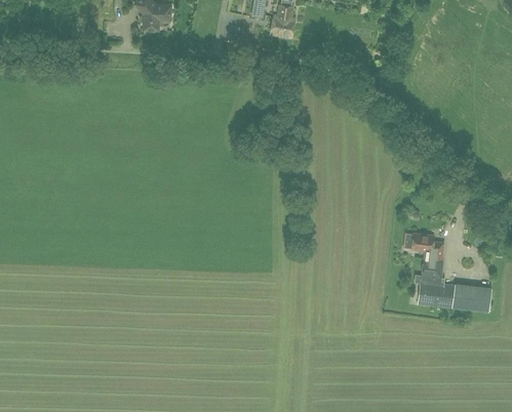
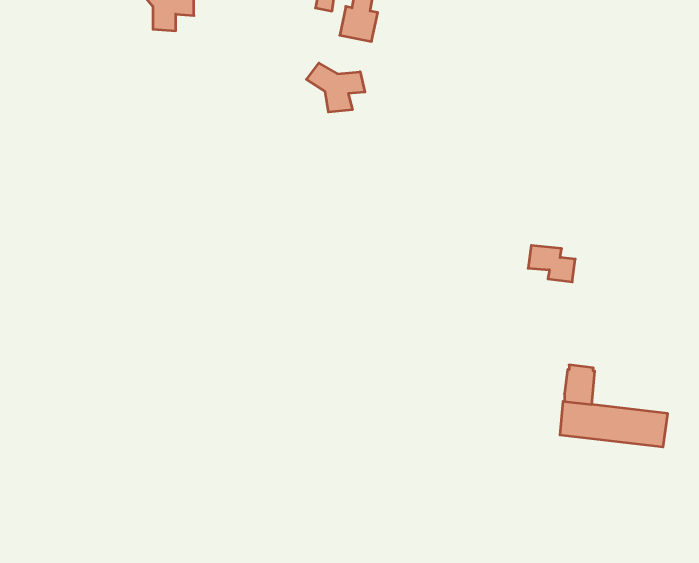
building: none -> [306,63,365,112]
building: [409,233,441,257] -> [528,245,575,282]

